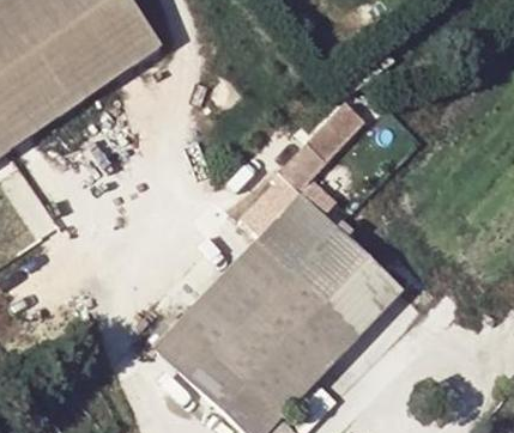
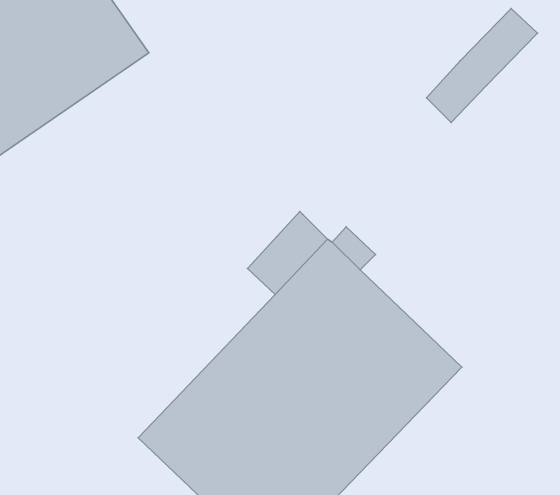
building: [283,100,369,189] -> [426,9,537,123]

